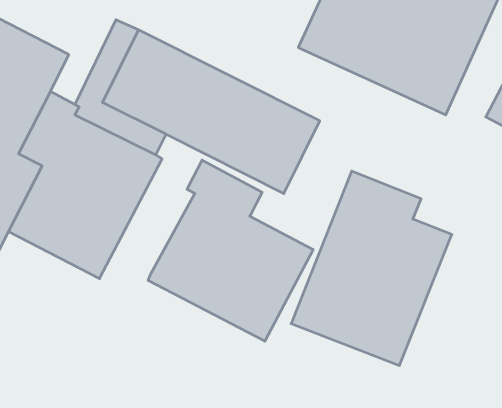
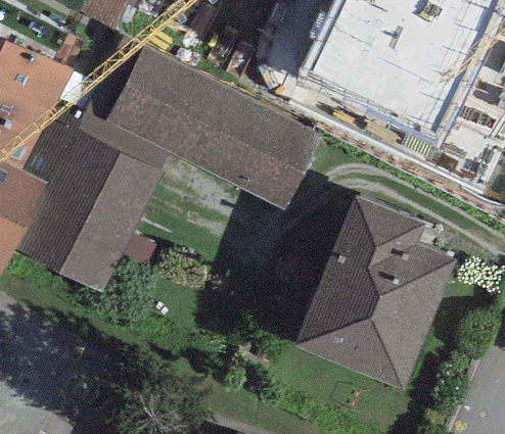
building: [148,160,313,341] -> none

